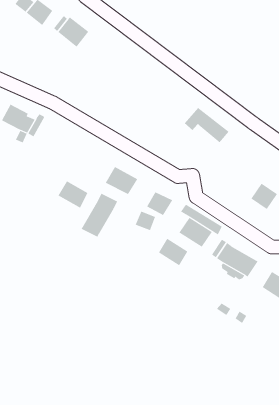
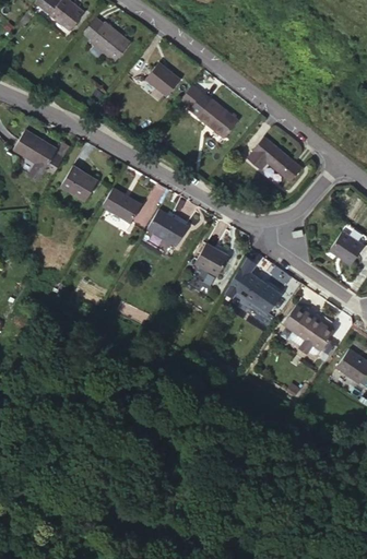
building: none -> [143,59,178,93]
building: none -> [191,91,238,133]
building: none -> [63,166,99,201]
building: [58,181,88,209] -> [104,188,142,223]
building: [81,193,118,238] -> none
building: [158,238,188,266] -> none

